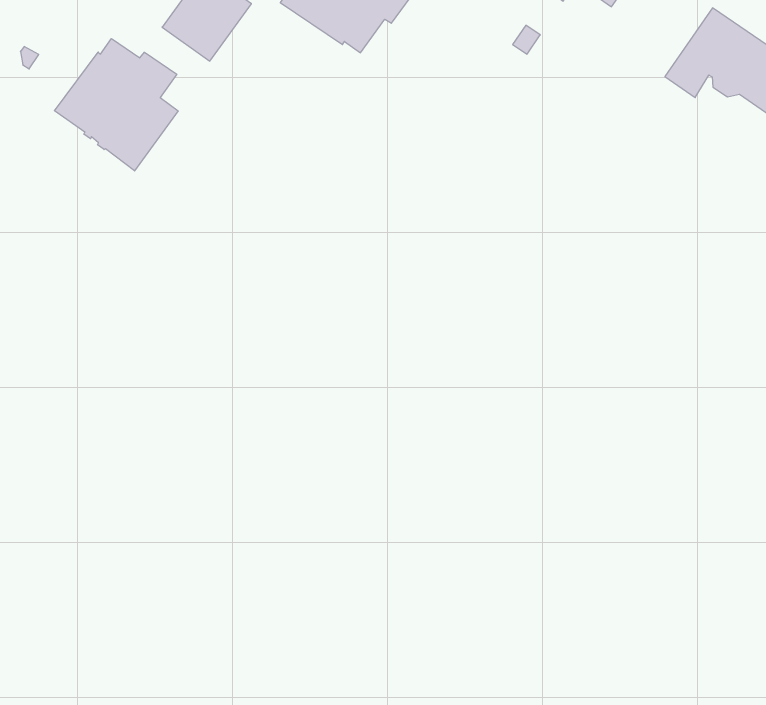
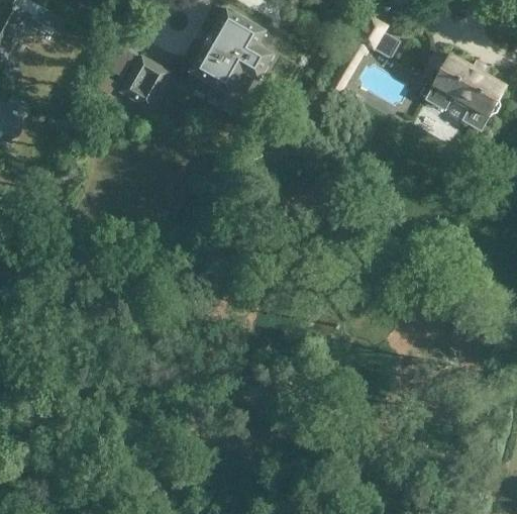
building: [54,39,178,171] -> none

